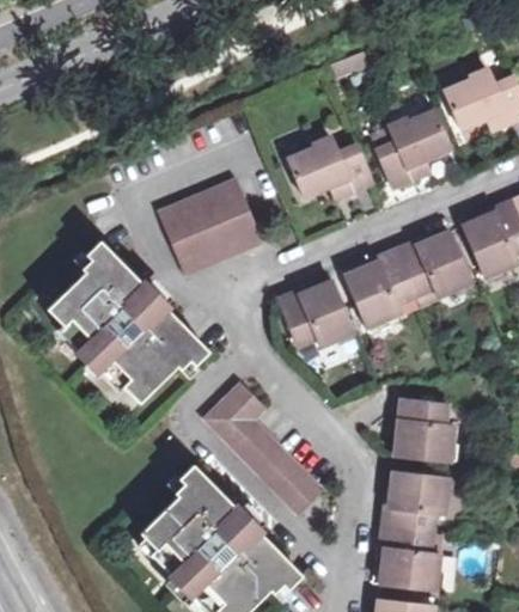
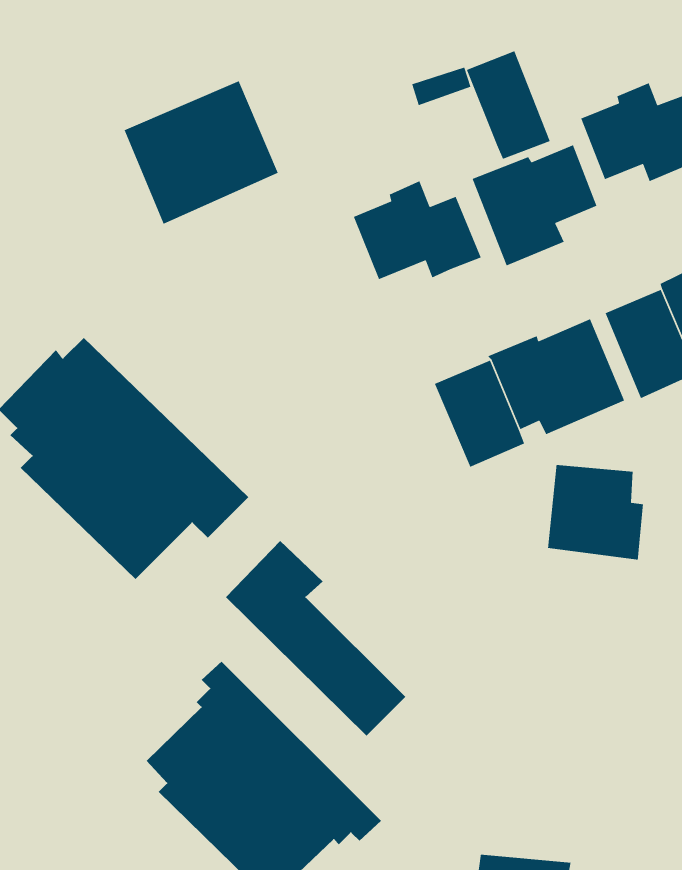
building: none -> [466,50,551,160]
building: [154,177,262,277] -> [124,80,279,225]
building: [275,277,358,349] -> none
building: [393,398,460,465] -> [547,464,644,561]
building: [373,470,454,593] -> none

